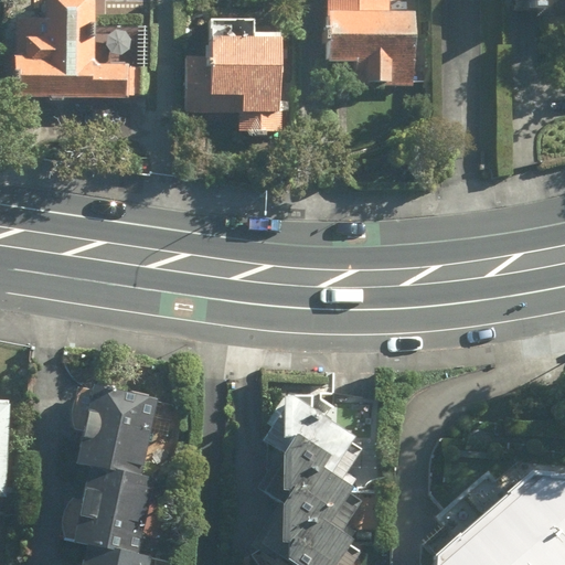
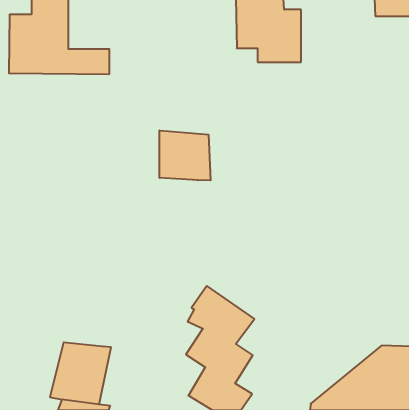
building: [186,22,286,134] -> none
building: none -> [160,130,210,180]
building: [72,380,161,471] -> none

